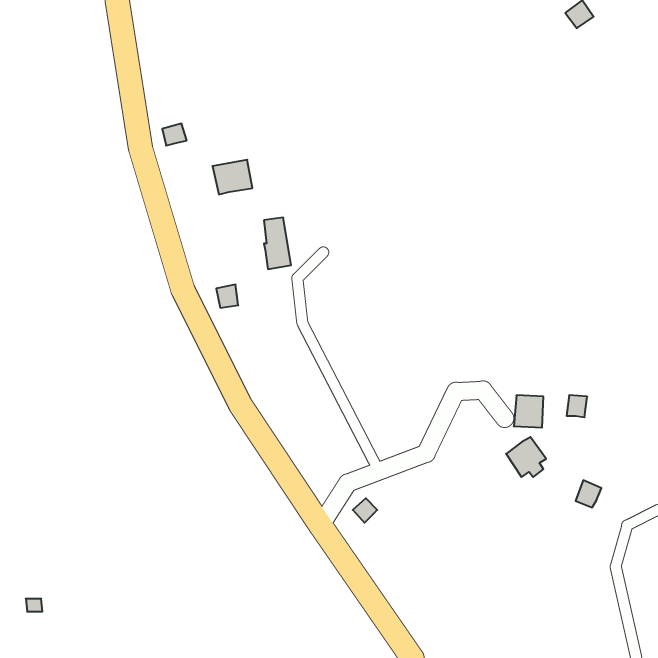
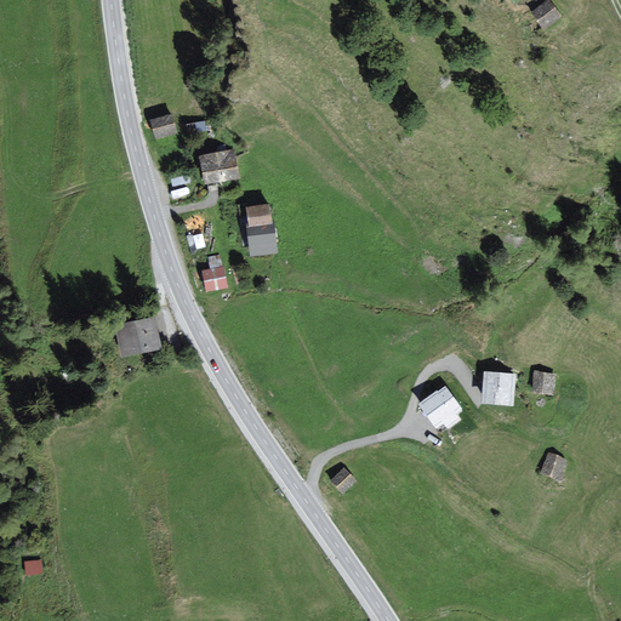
building: none -> [116,317,159,353]
building: [506,437,546,477] -> [422,388,460,426]

